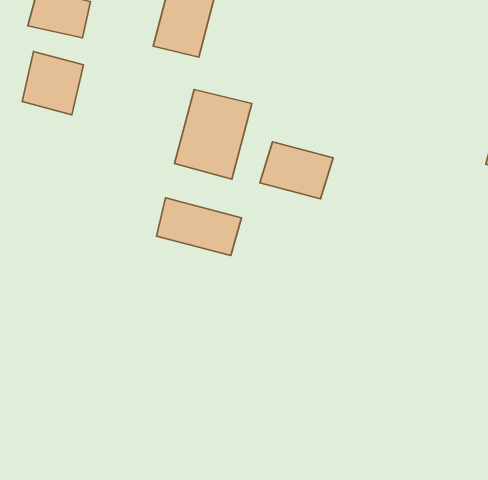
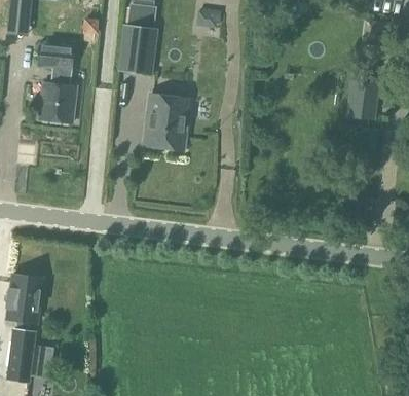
building: [260,142,333,199] -> none
building: [156,198,242,255] -> none

